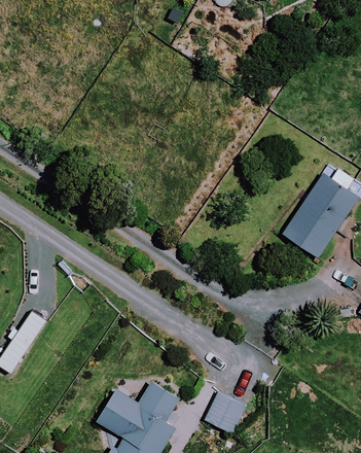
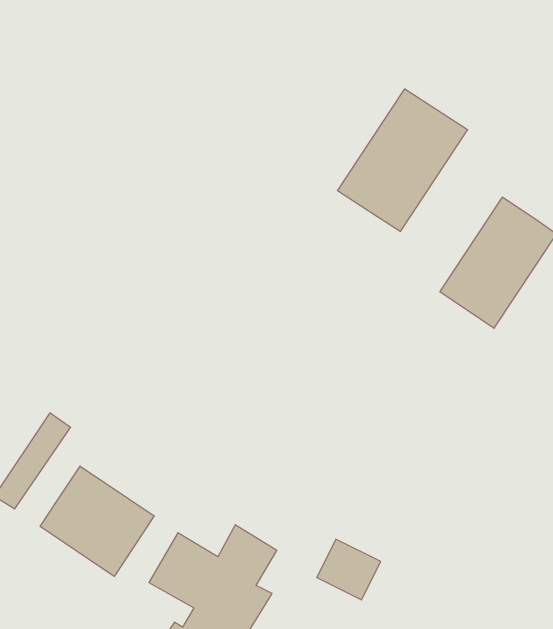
building: none -> [337,89,468,231]
building: none -> [40,466,154,576]

